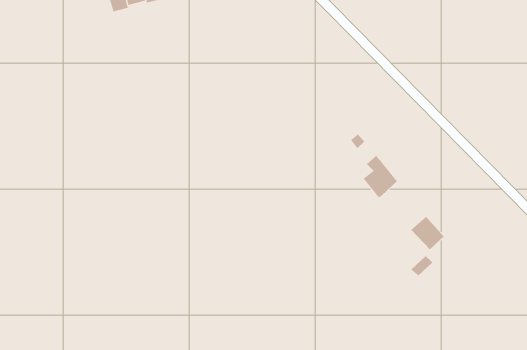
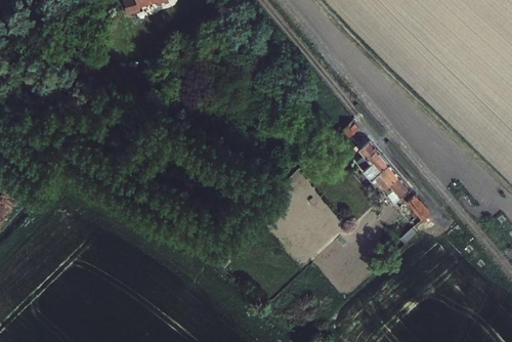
building: none -> [374,164,411,203]

